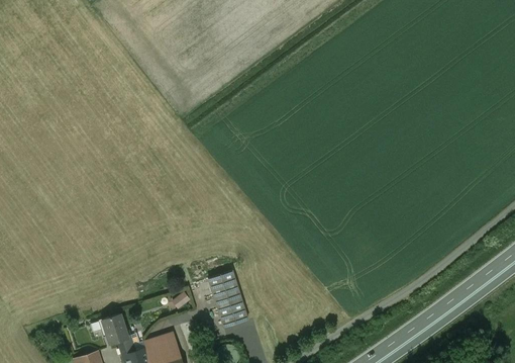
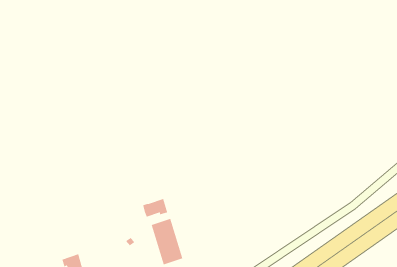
building: none -> [142,198,168,218]

